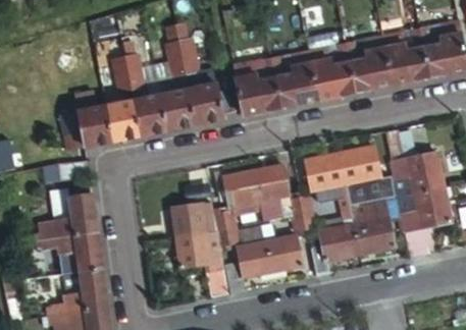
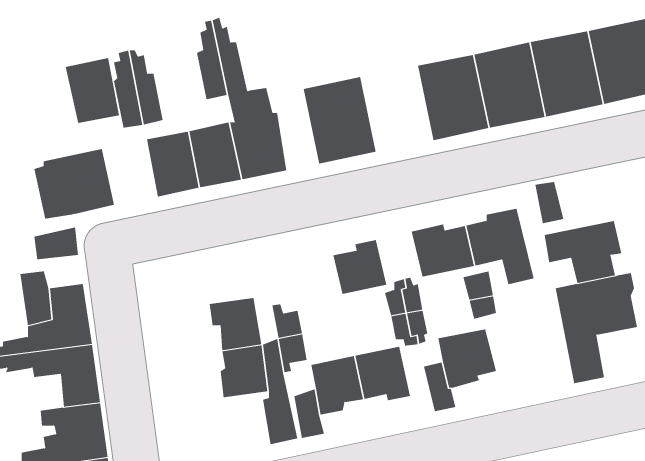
building: [272,52,319,108] -> none
building: [104,100,140,143] -> [65,58,120,123]
building: [224,174,260,206] -> none
building: [354,203,398,253] -> none

